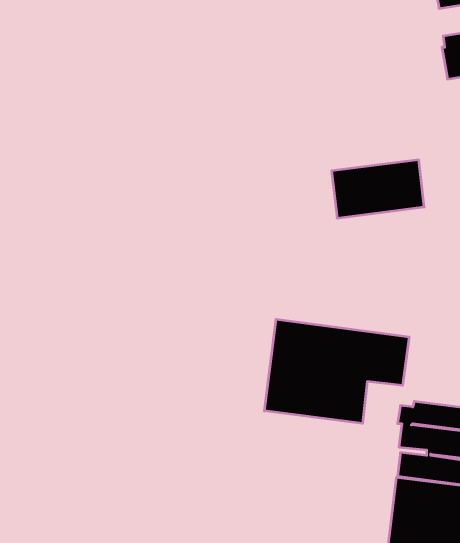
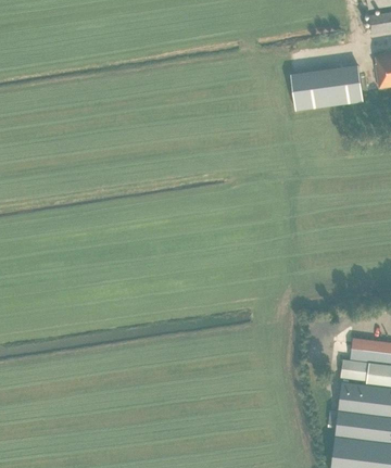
building: [332,160,424,218] -> [290,64,363,110]
building: [264,319,409,423] -> none

